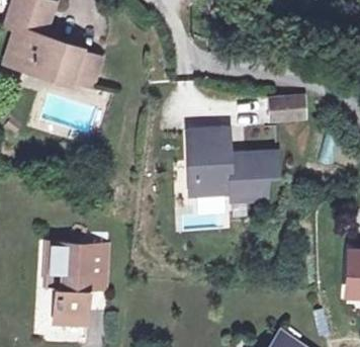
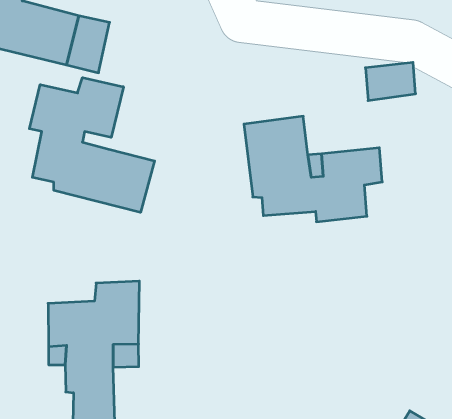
building: none -> [29,78,155,212]

